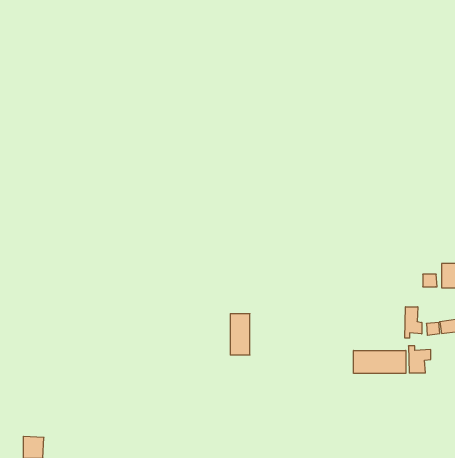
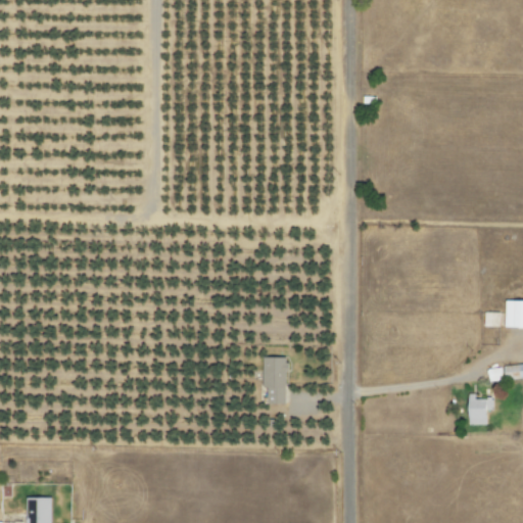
building: [405,307,422,338] -> none
building: [354,350,406,373] -> none

